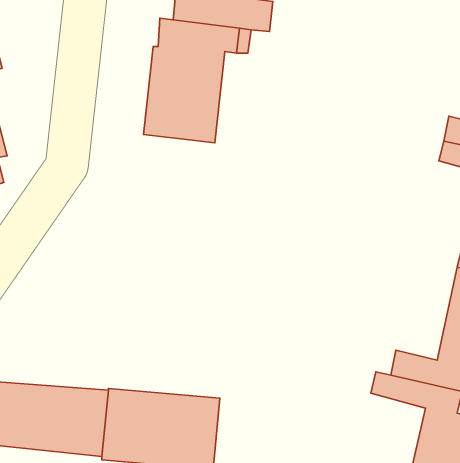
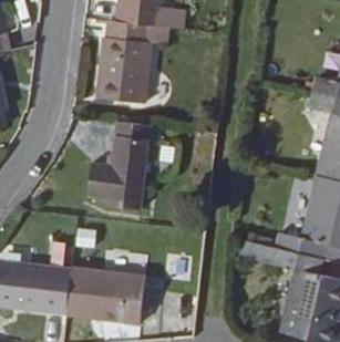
building: none -> [90,120,154,206]

